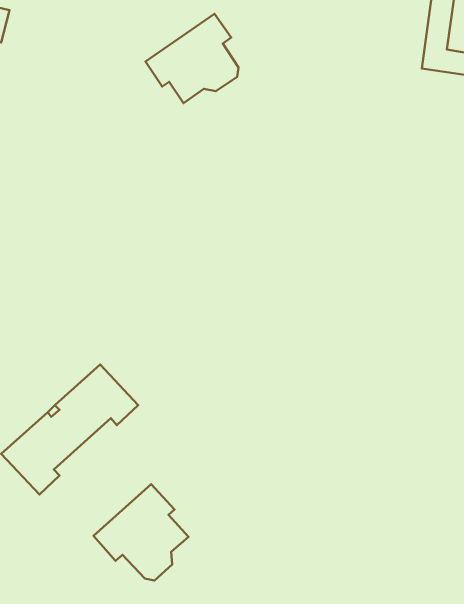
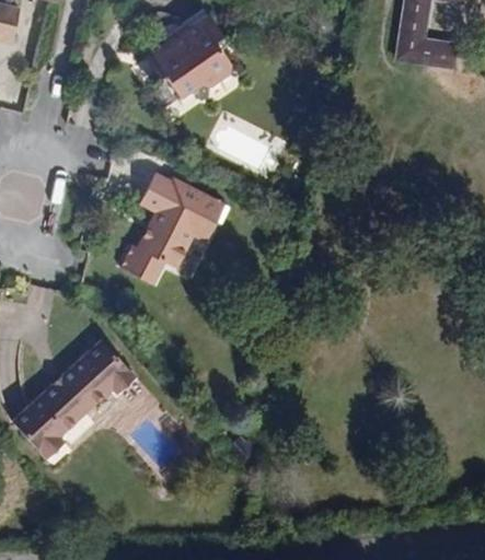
building: none -> [120,173,232,283]
building: [93,484,188,581] -> none

